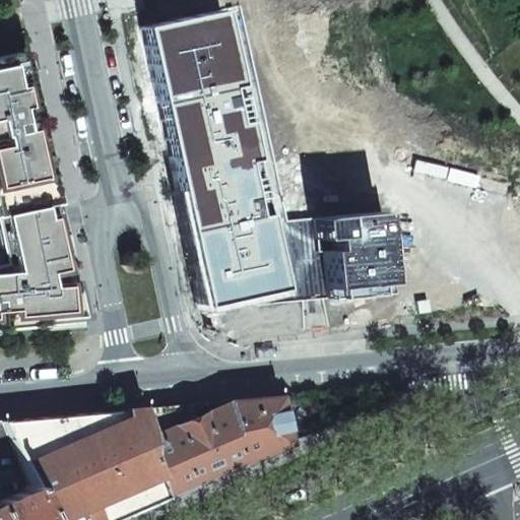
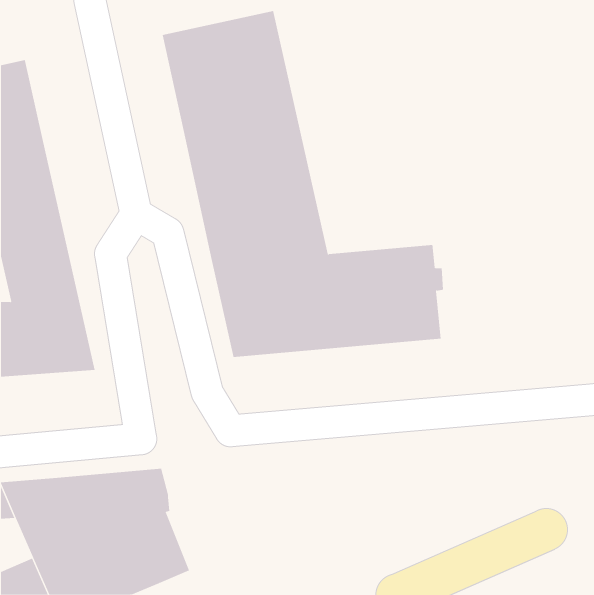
building: [142,395,289,498] -> none

